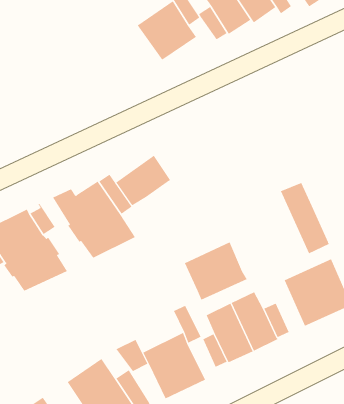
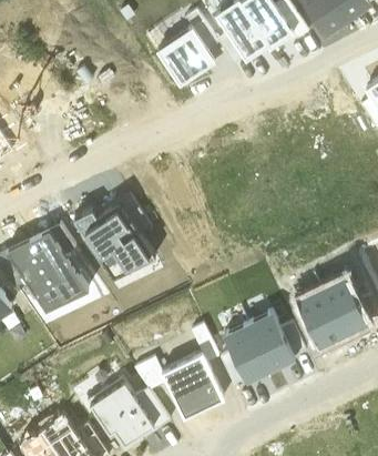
building: [116,155,171,206] -> none
building: [280,182,329,254] -> none
building: [184,242,247,301] -> none

